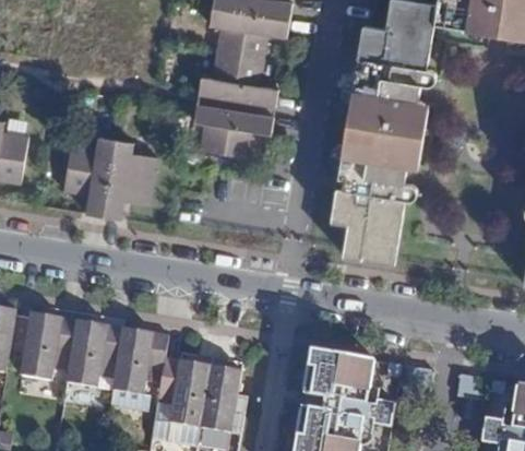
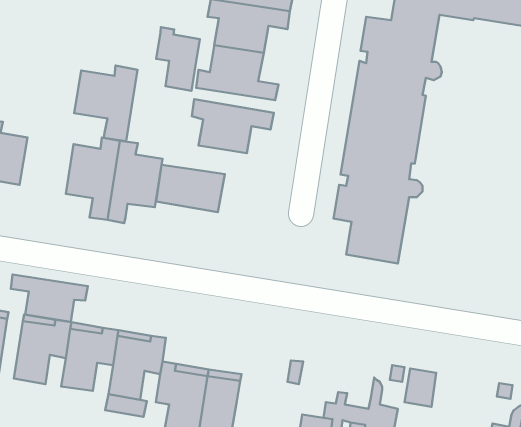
building: none -> [156,27,200,91]
building: none -> [74,66,138,141]
building: none -> [156,165,225,212]
building: none -> [11,274,88,322]
building: [302,349,372,399] -> none

